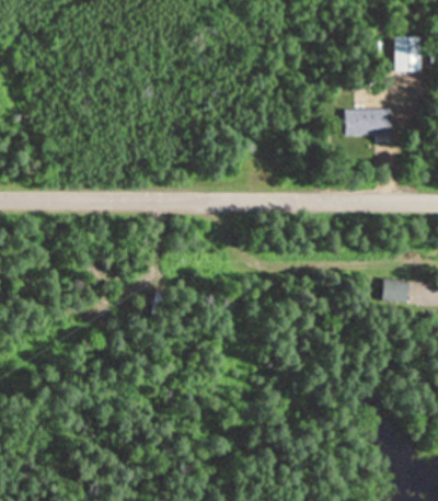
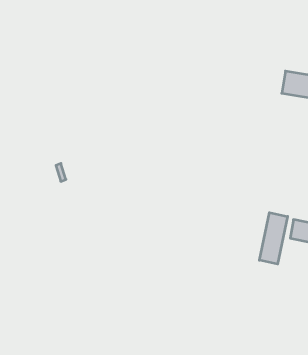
building: none -> [259,213,288,264]

